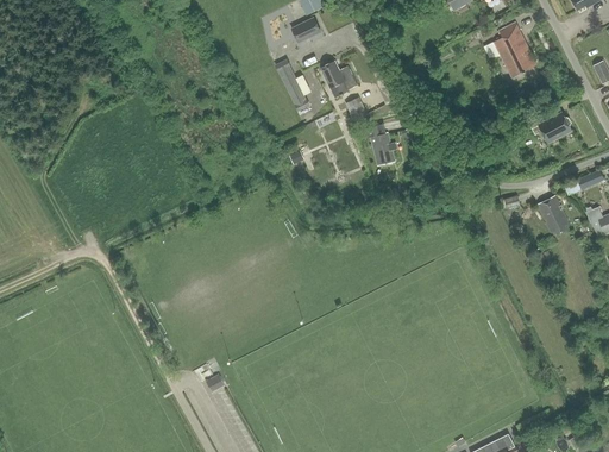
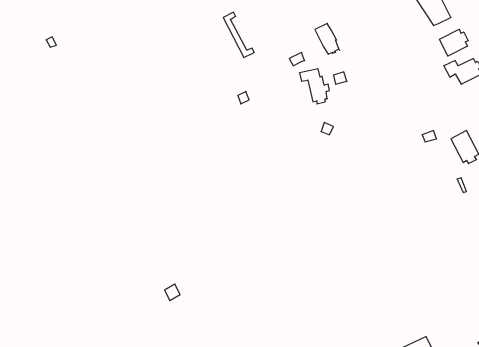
building: [320,61,349,96] -> [315,23,340,54]
building: none -> [439,29,468,56]

